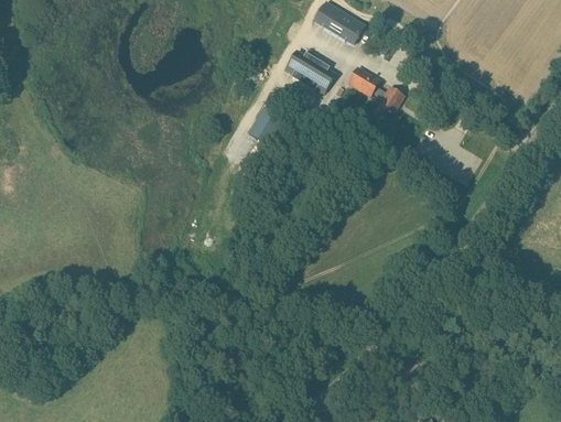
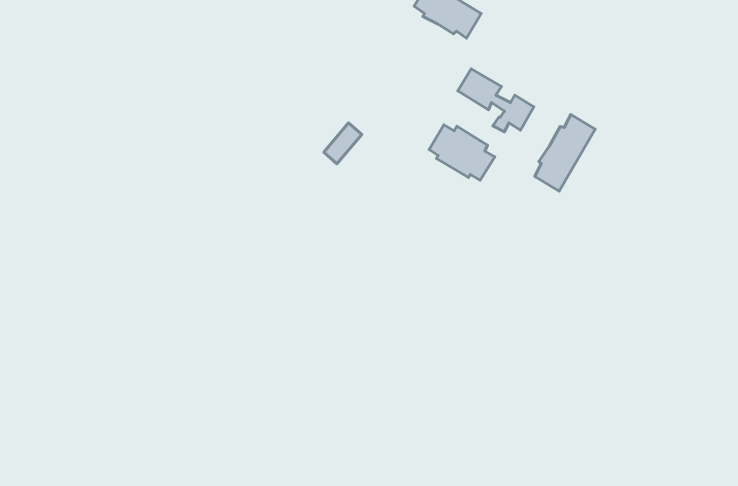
building: [285,51,335,93] -> [429,125,495,180]
building: none -> [535,114,595,191]

